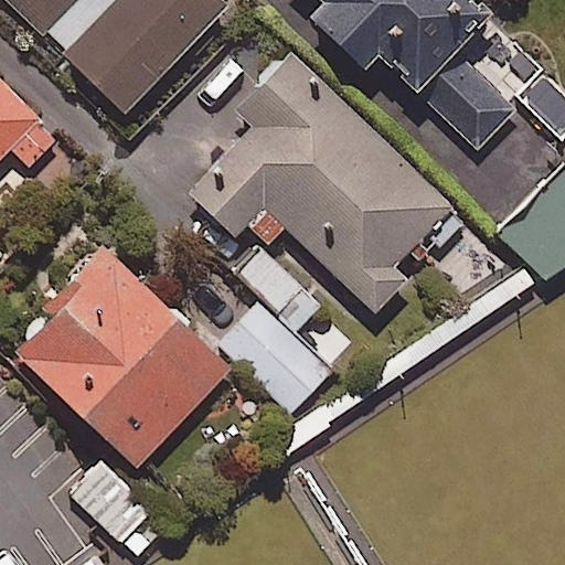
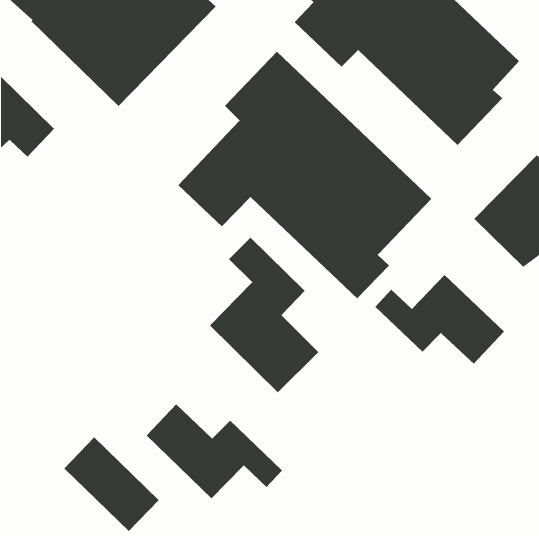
building: [10,250,230,469] -> none
building: none -> [374,274,505,365]
building: none -> [146,403,283,499]

